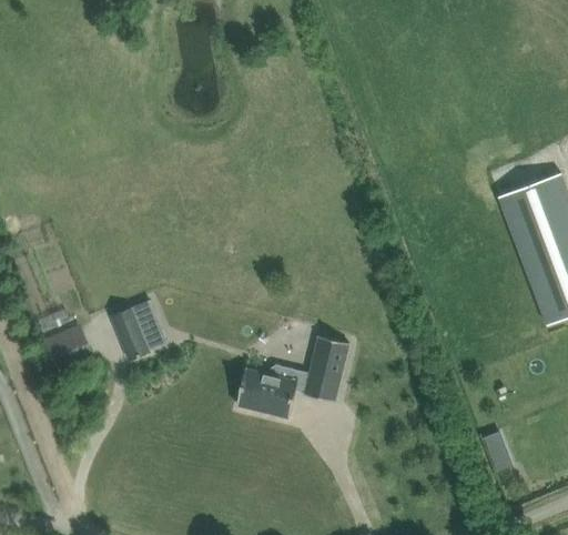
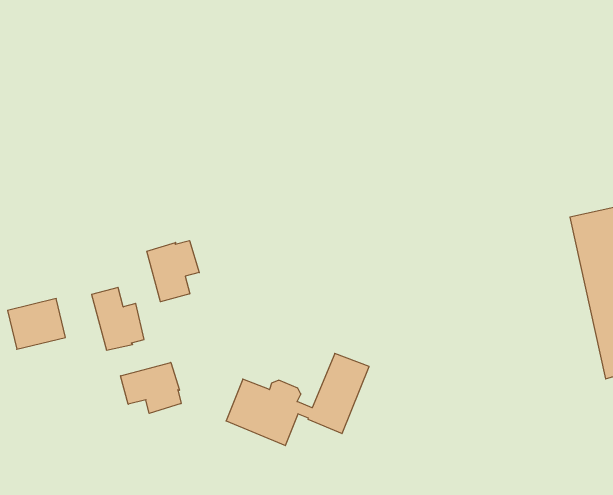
building: none -> [147,241,199,302]
building: none -> [121,362,181,413]

